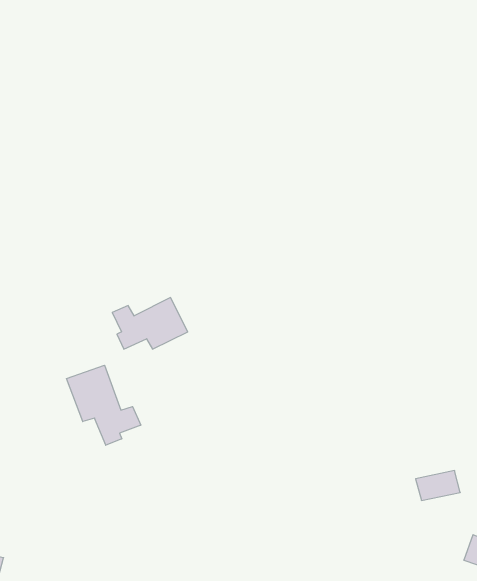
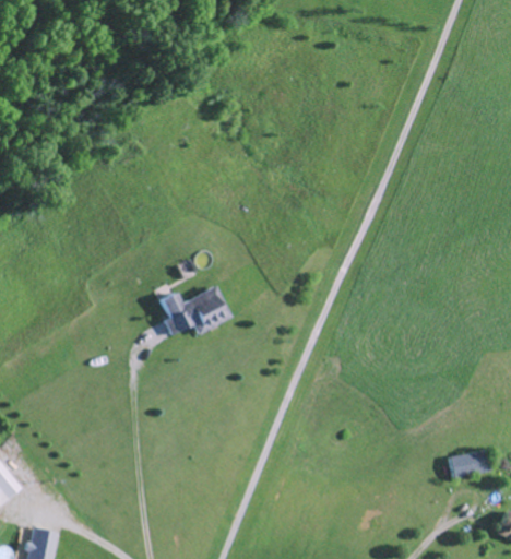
building: [66,365,141,445] -> none

